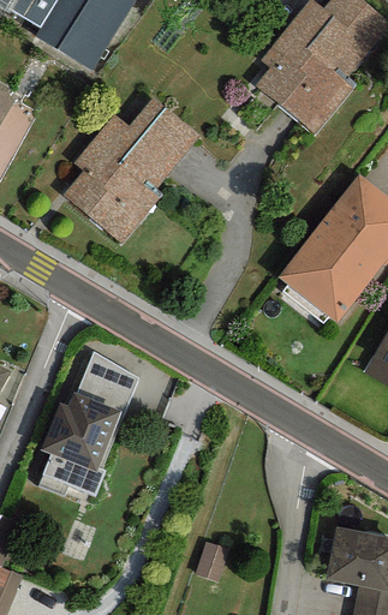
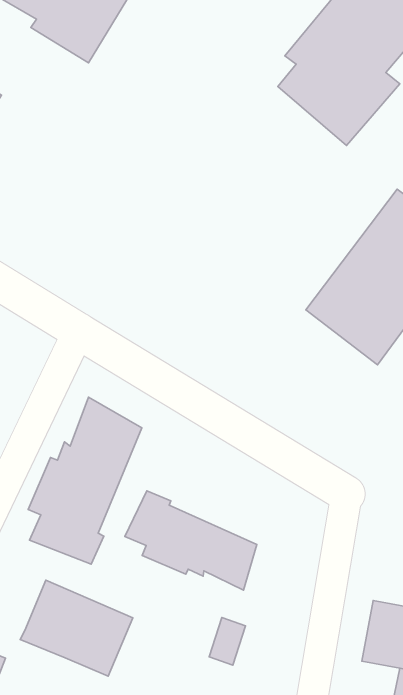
building: [62,97,199,244] -> none
building: none -> [125,491,257,590]
building: none -> [20,580,133,676]

